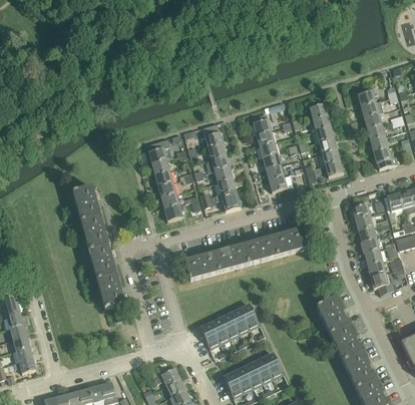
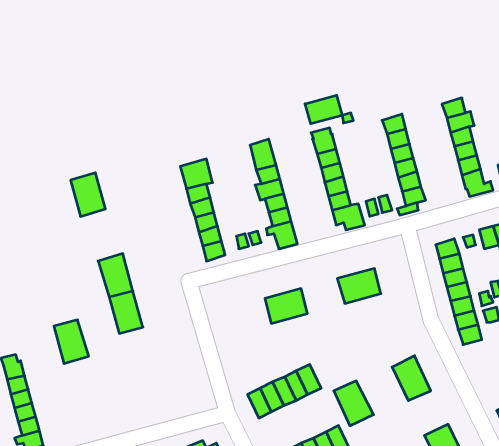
building: none -> [305,95,342,124]
building: [72,185,100,221] -> [71,173,105,216]
building: [244,235,279,263] -> none
building: [184,251,220,279] -> none
building: [97,274,125,309] -> [54,320,89,364]
building: [330,325,362,361] -> [334,381,374,426]

